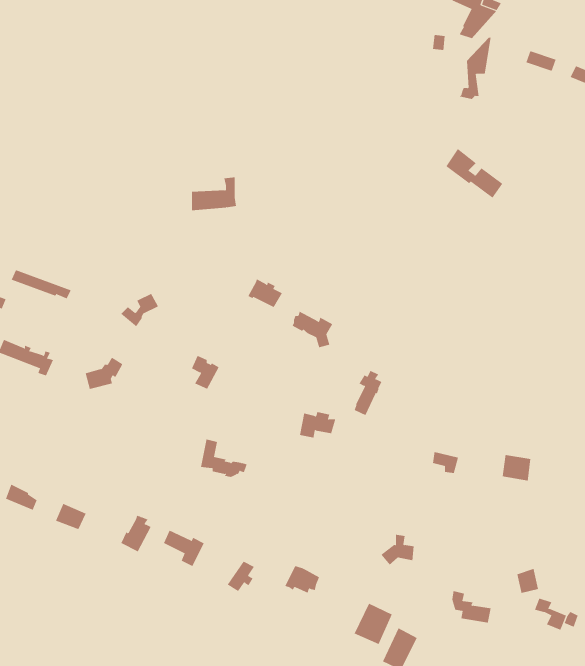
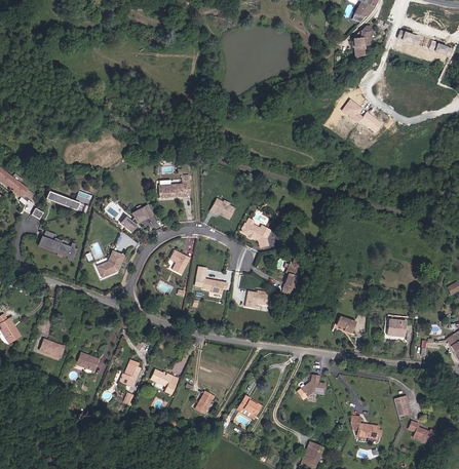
building: [191,177,237,211] -> [157,172,189,196]
building: [200,439,247,477] -> [194,264,227,290]
building: [354,603,392,645] -> none

